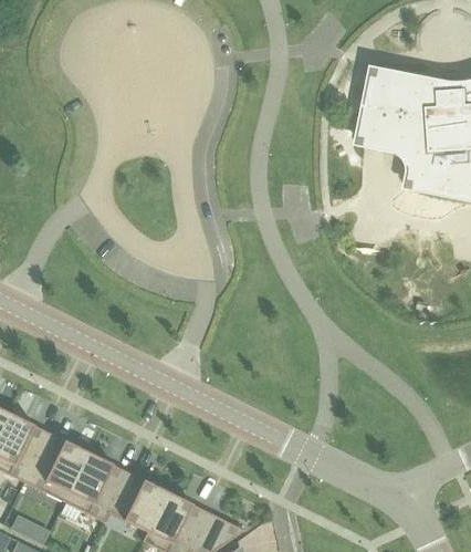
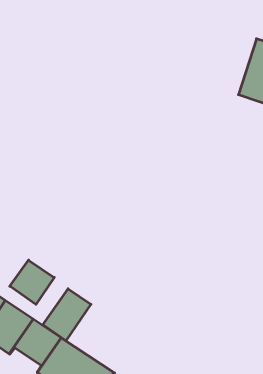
building: none -> [10,260,54,304]
building: none -> [43,289,91,341]

